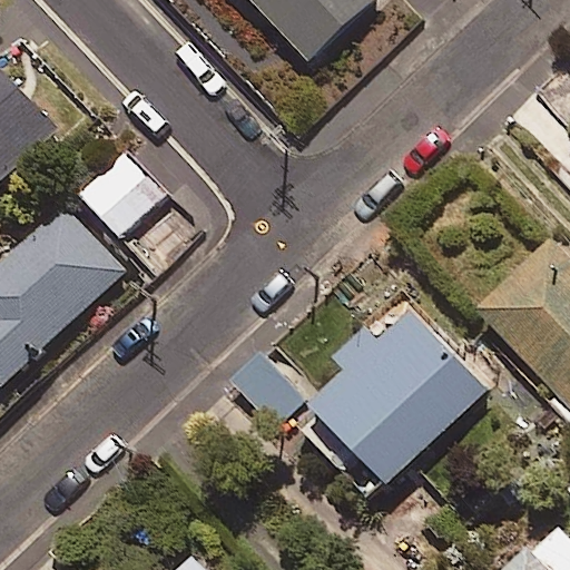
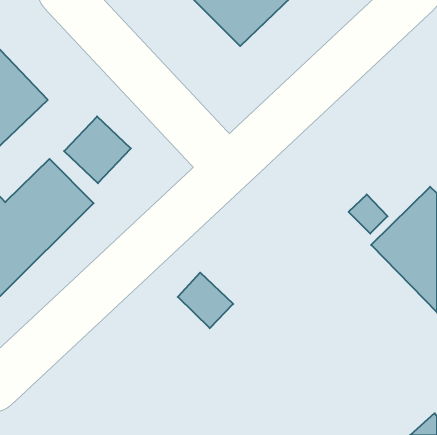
building: [296,314,483,502] -> none

